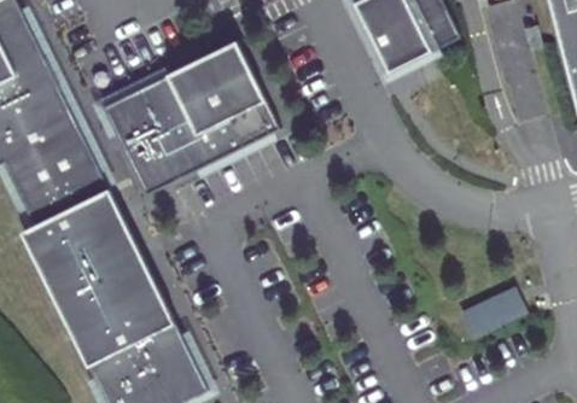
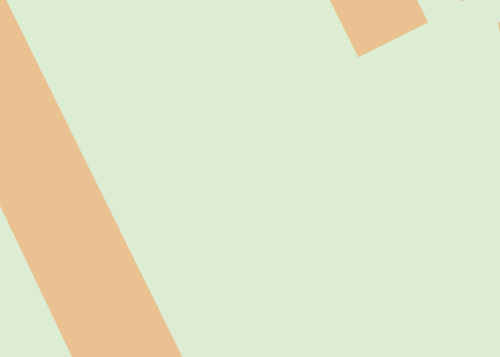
building: [101,37,278,192] -> none
building: [462,285,531,340] -> none

